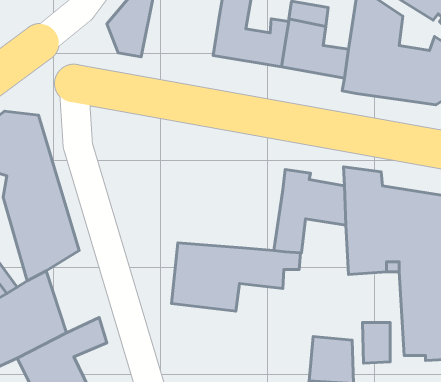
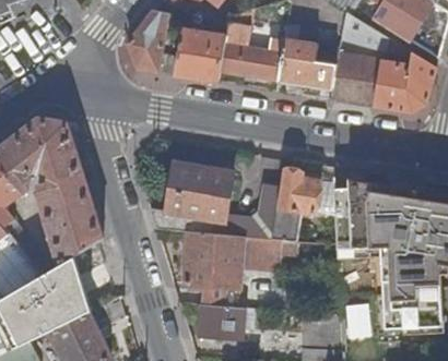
building: none -> [173,29,223,83]
building: none -> [149,164,278,239]
building: none -> [196,304,244,339]

